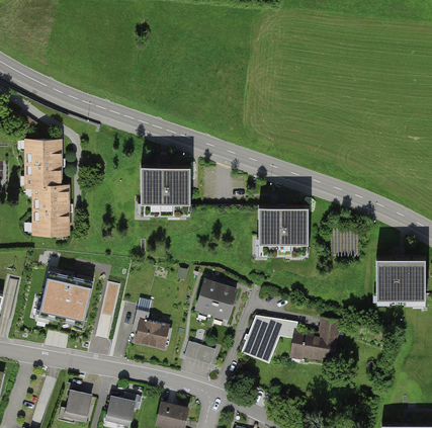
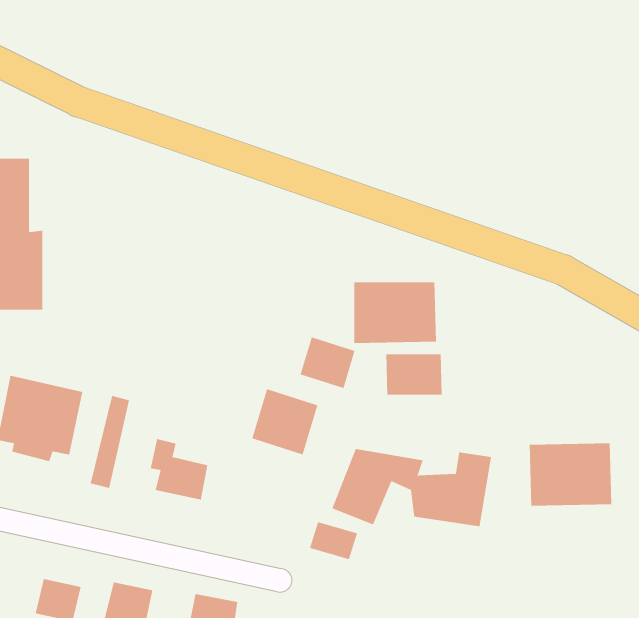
building: [143,173,193,210] -> none
building: none -> [300,336,355,389]
building: none -> [386,353,442,396]
building: [374,266,425,305] -> [529,443,612,506]
building: [186,341,215,364] -> [309,521,358,560]

